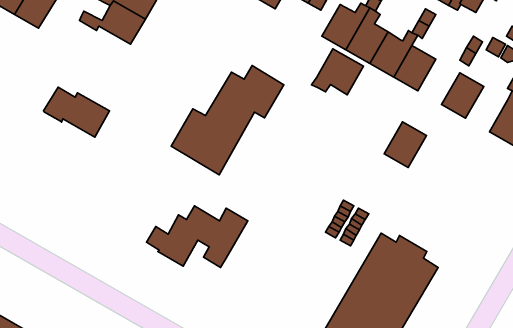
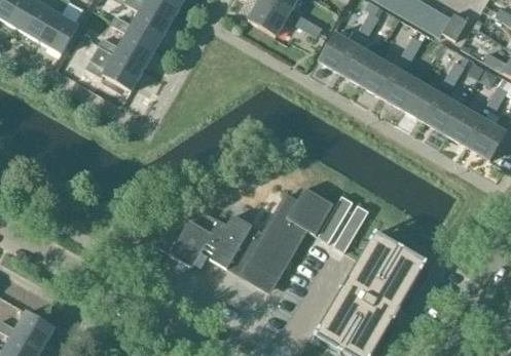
building: [312,49,363,95] -> none
building: [171,65,284,175] -> [231,188,333,286]
building: none -> [447,106,485,147]
building: [43,87,109,137] -> [85,46,145,91]
building: [384,122,426,167] -> [404,81,442,122]

